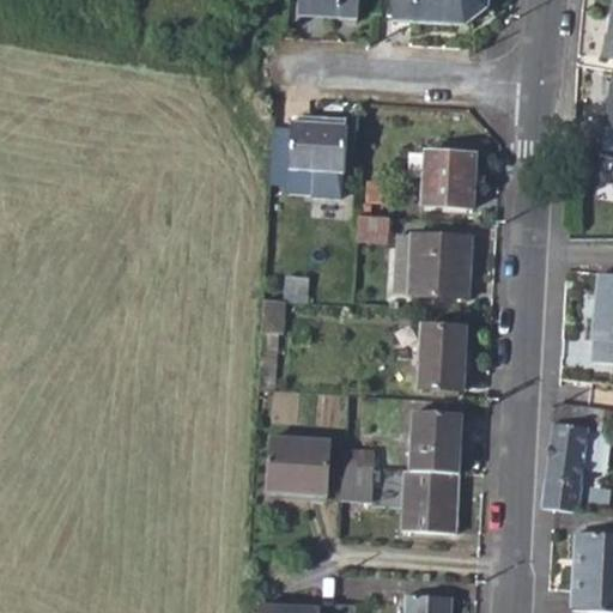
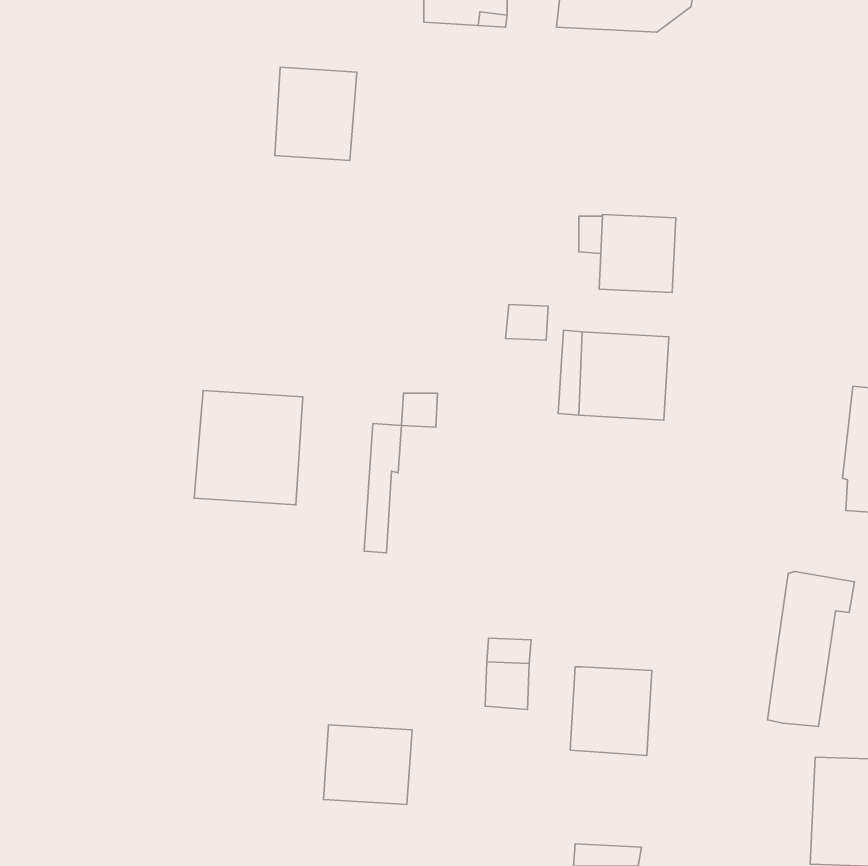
building: [289,122,346,188] -> [275,67,357,161]
building: none -> [194,390,303,505]
building: [420,324,467,388] -> none
building: [411,411,462,472] -> none
building: [267,436,329,492] -> [324,725,412,805]

